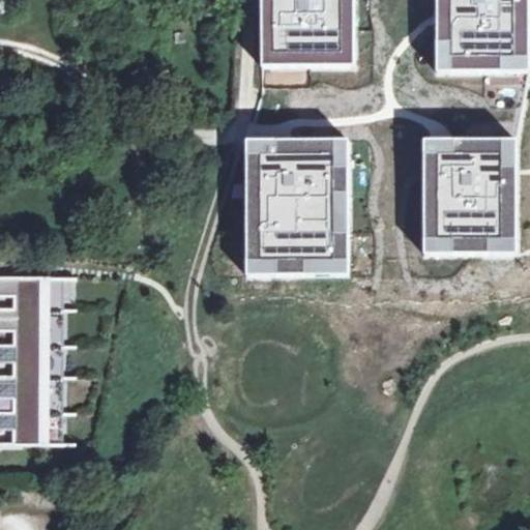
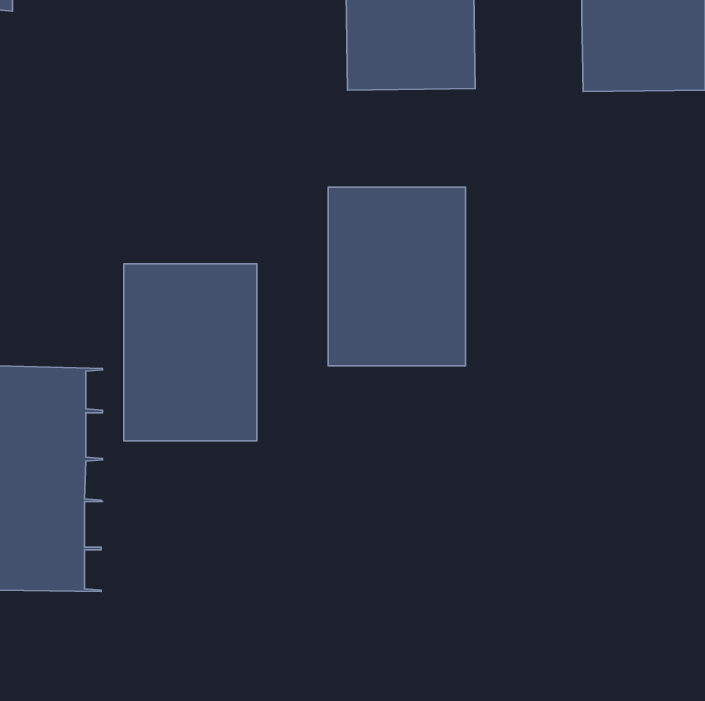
building: [420,139,517,251] -> none
building: none -> [124,264,257,441]

